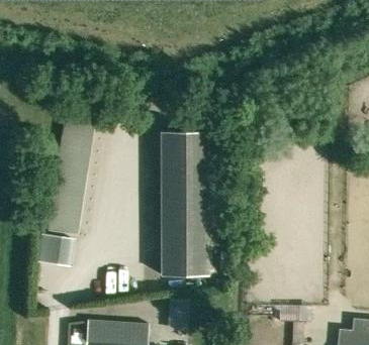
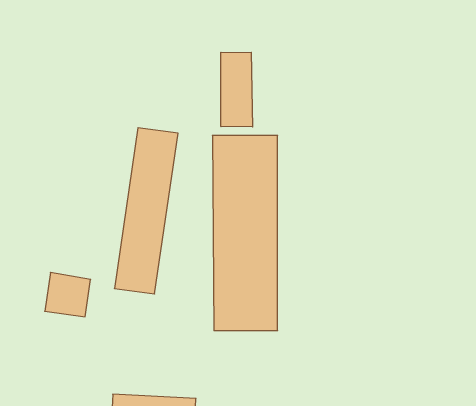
building: none -> [221,52,253,127]
building: [43,106,90,227] -> [114,128,178,294]

